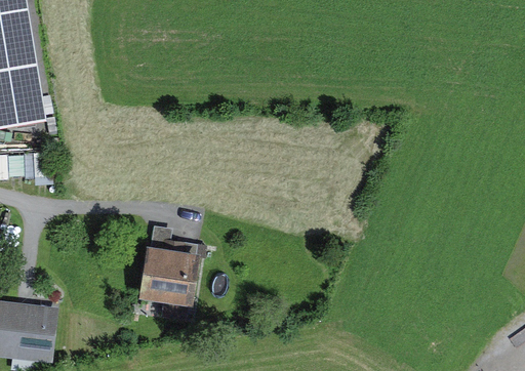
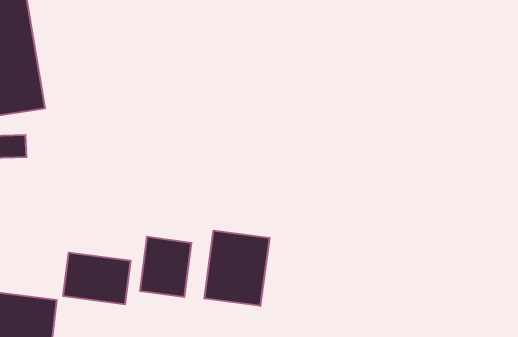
building: none -> [204,231,269,306]
building: none -> [63,252,131,304]

